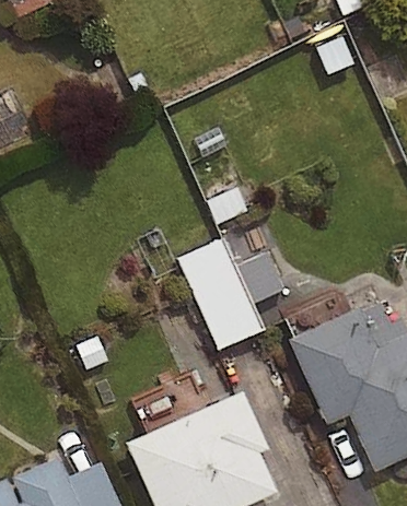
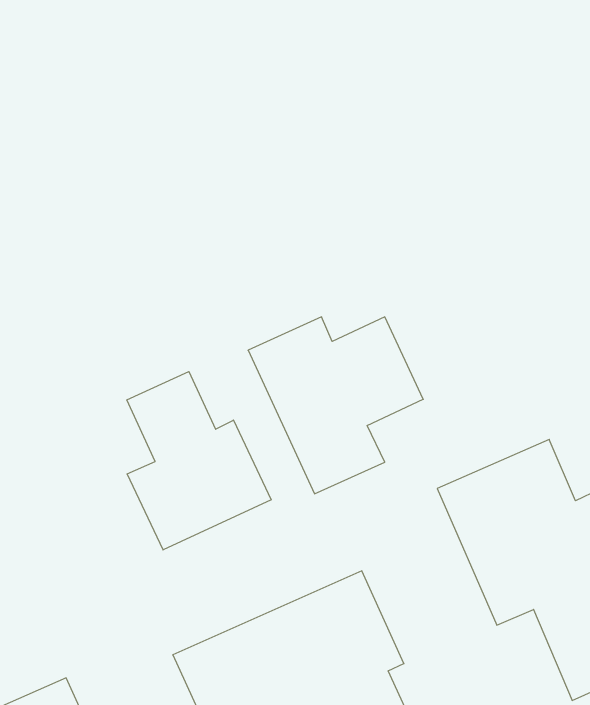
building: none -> [127,372,271,550]

